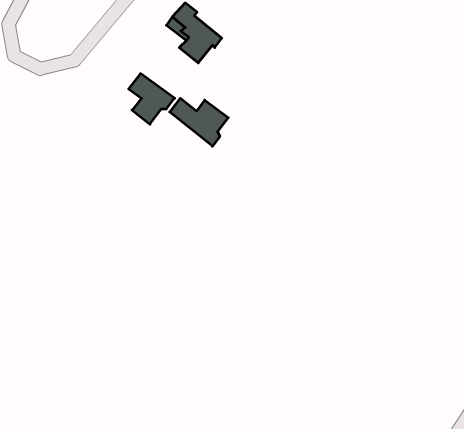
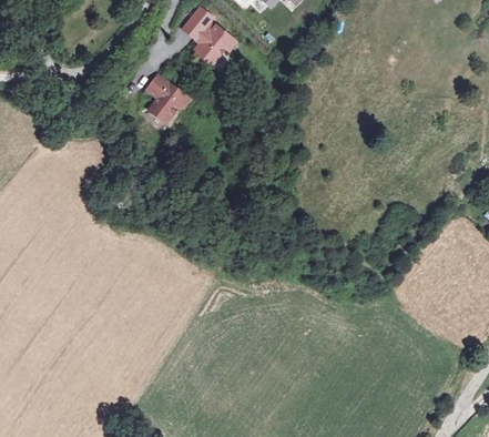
building: [170,98,228,146] -> none

